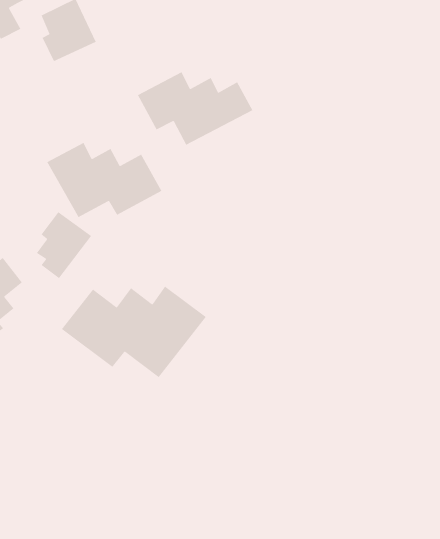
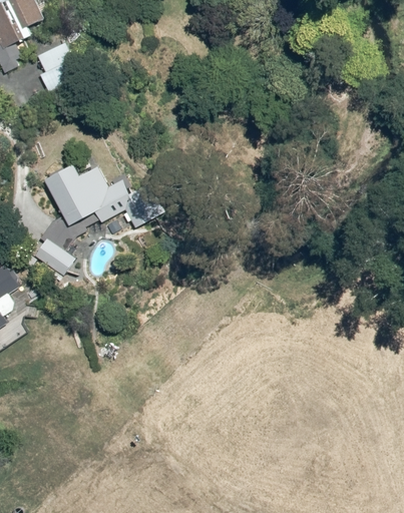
building: [137,71,254,146] -> none
building: [61,285,207,378] -> none

